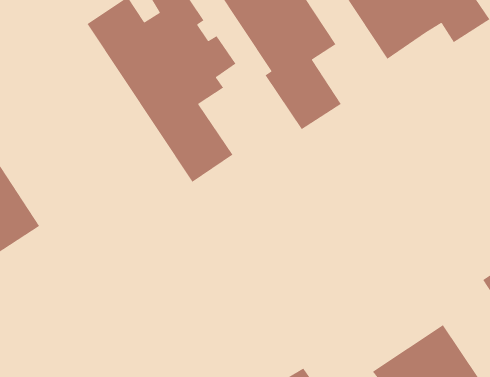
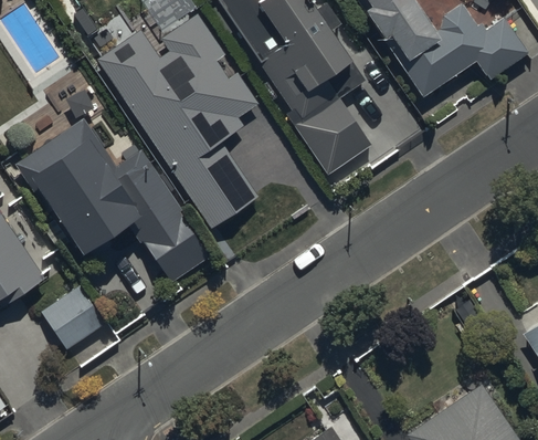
building: none -> [17,117,213,282]
building: none -> [42,283,108,349]

